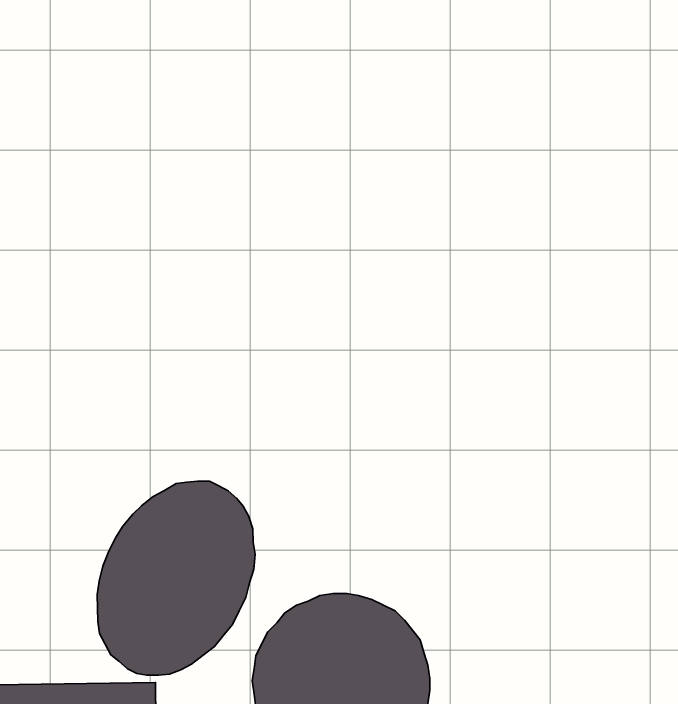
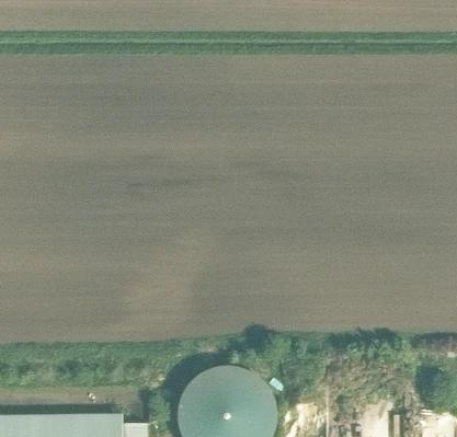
building: [97,481,255,675] -> none

